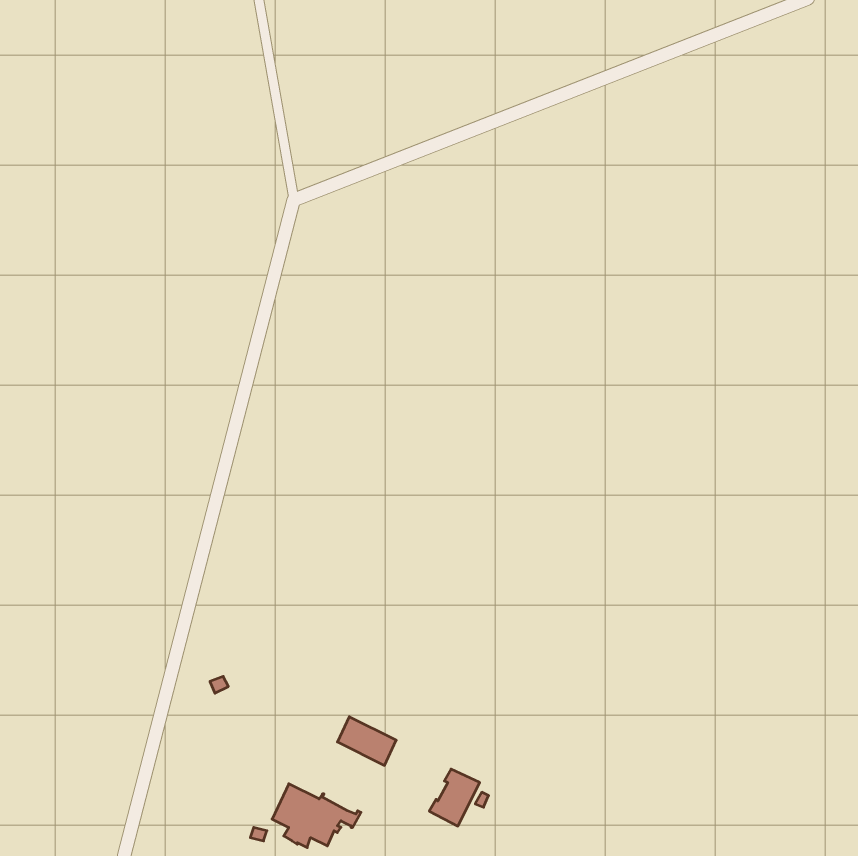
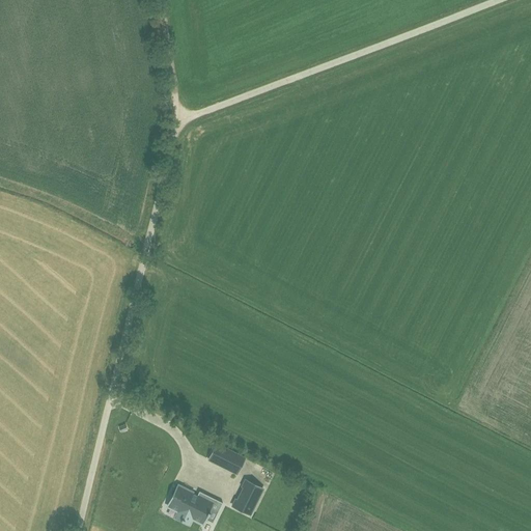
building: [429,769,480,826] -> [232,479,263,514]

